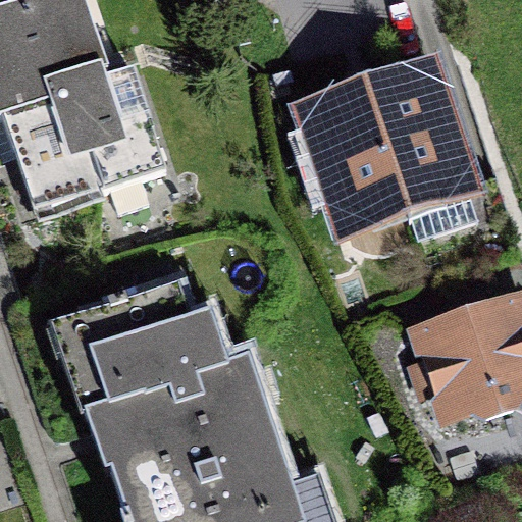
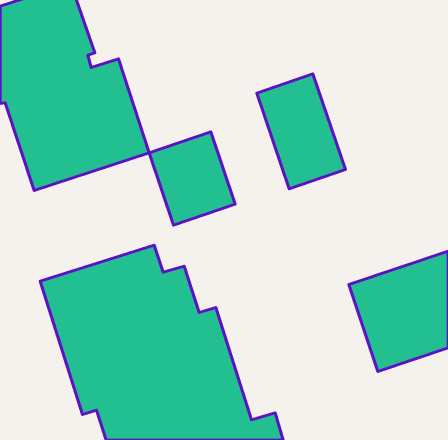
building: [364,64,478,230] -> none
building: none -> [149,132,235,225]

